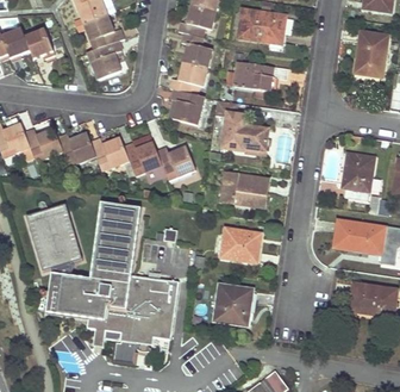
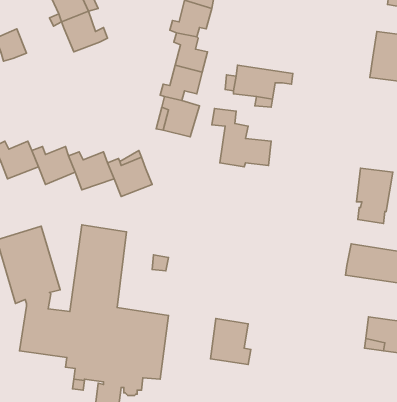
building: [238,8,286,43] -> none
building: [87,41,124,79] -> none
building: [157,147,196,181] -> none
building: [221,172,268,206] -> none
building: [221,228,261,262] -> none

